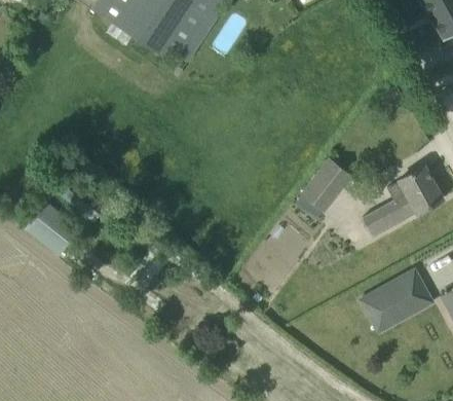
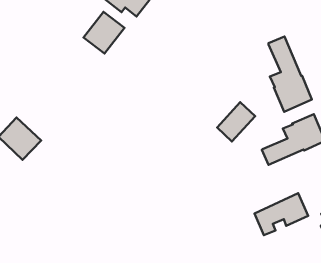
building: none -> [84,12,125,53]
building: none -> [268,37,312,112]

